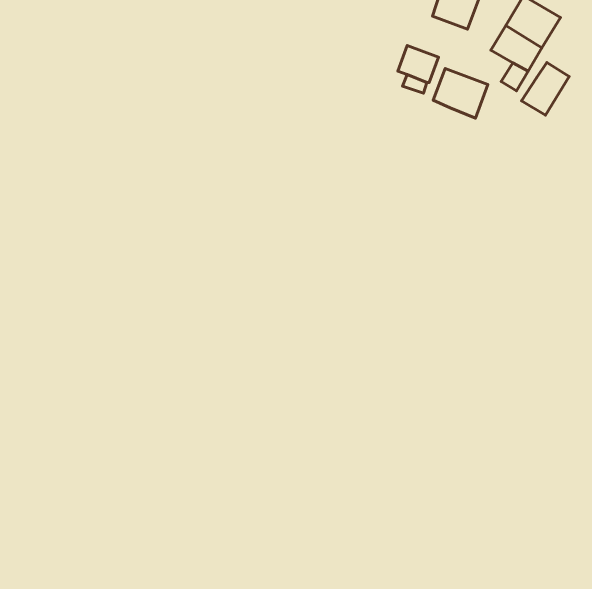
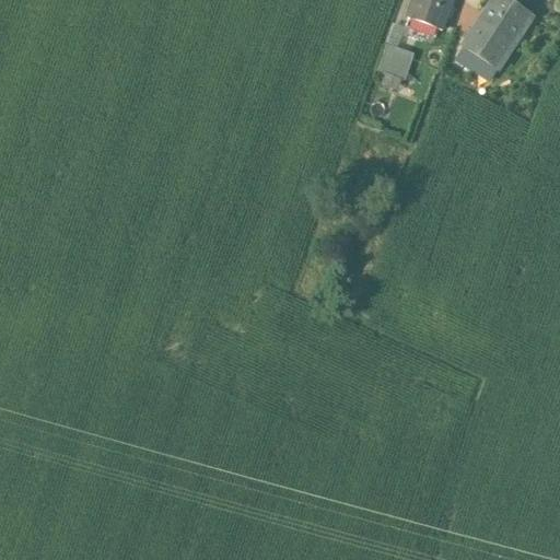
building: [522,62,569,115] -> none
building: [433,69,488,118] -> none

